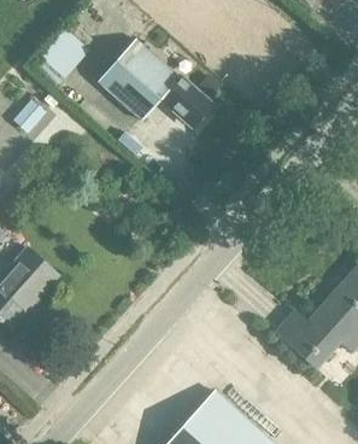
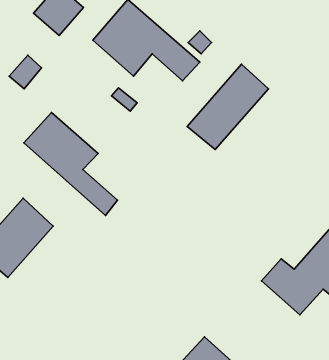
building: none -> [187,64,268,150]
building: none -> [24,113,118,215]

